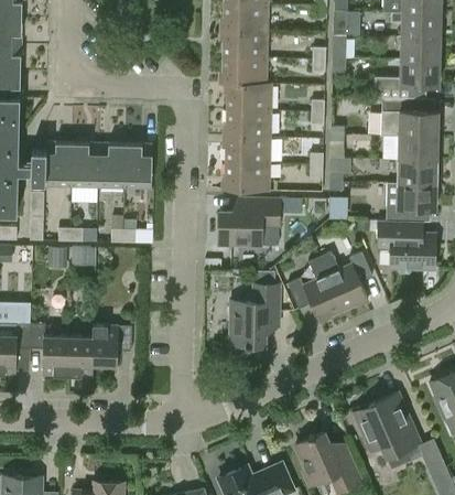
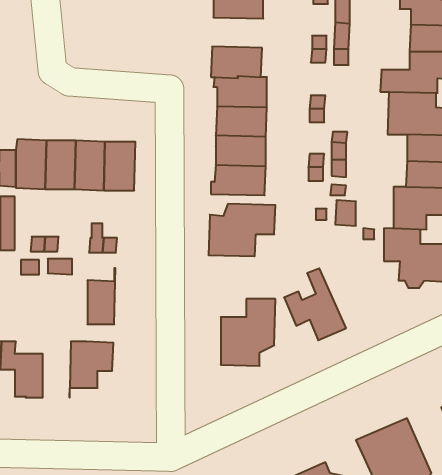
building: [221,31,268,58] -> none
building: [318,252,371,312] -> none
building: [68,324,94,375] -> [87,268,115,324]

